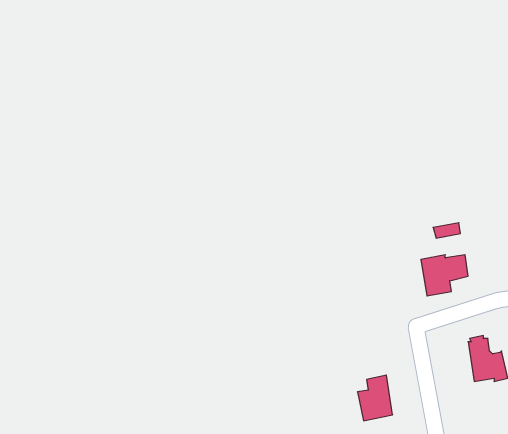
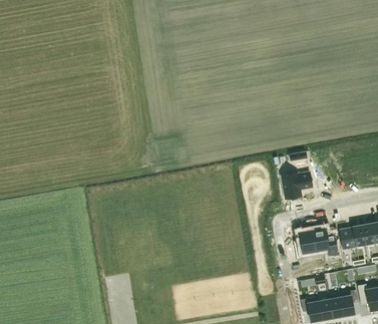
building: [357,375,393,421] -> [293,231,316,261]

